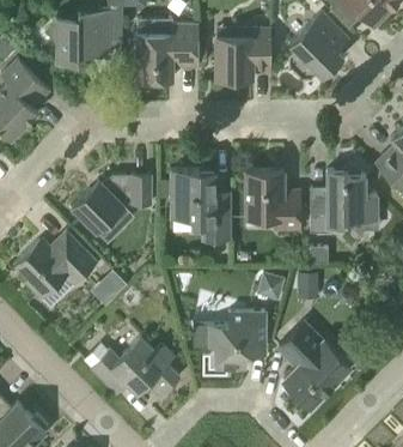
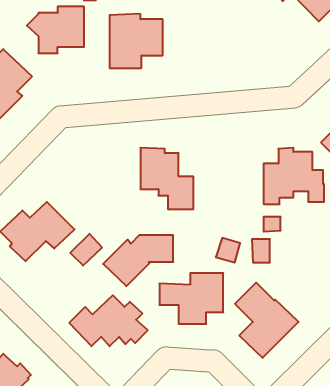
building: [288,12,349,79] -> none
building: [216,30,271,80] -> none
building: [246,171,301,229] -> none
building: [72,175,151,232] -> [103,235,173,286]

